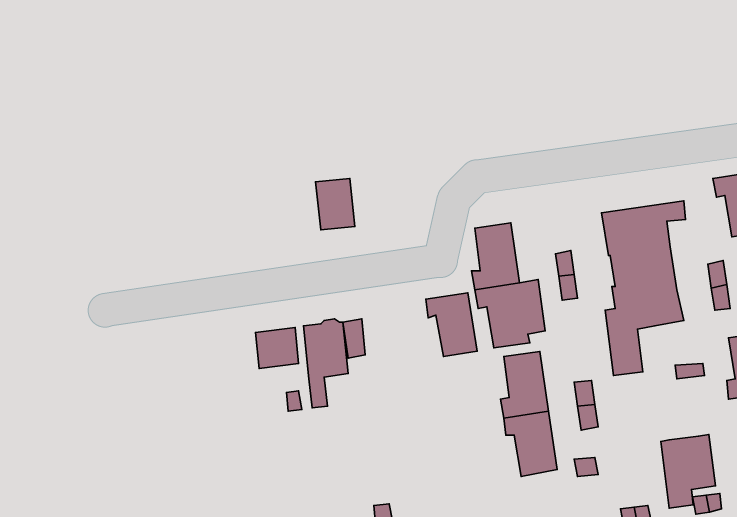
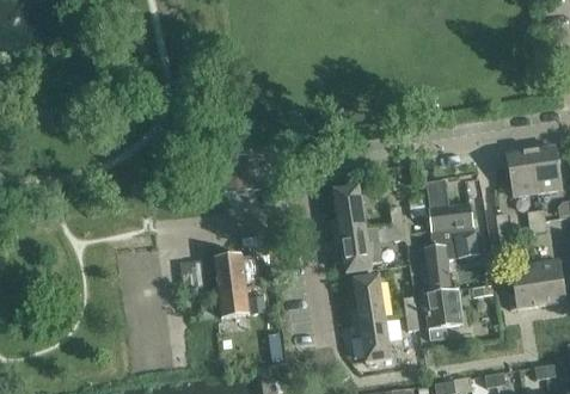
building: [426,293,477,357] -> none
building: [661,435,716,508] -> [424,288,462,339]

